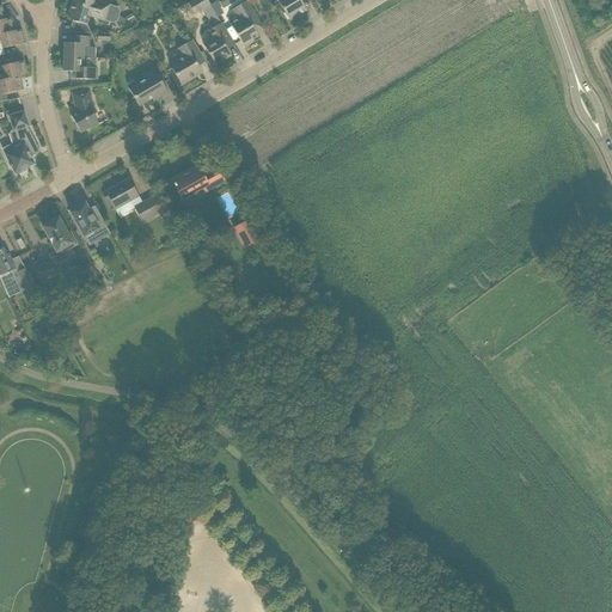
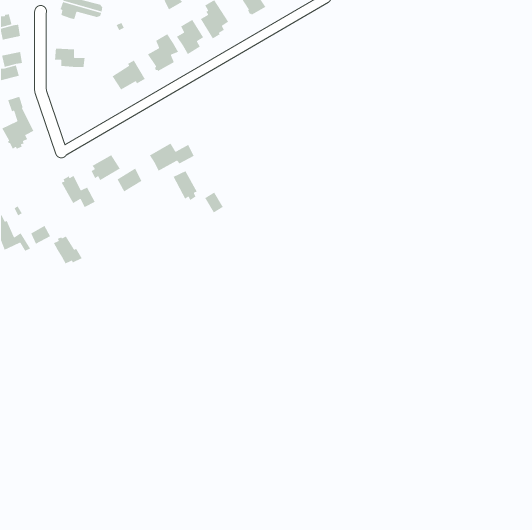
building: [63,33,94,56] -> none
building: [71,88,98,131] -> none
building: none -> [172,170,198,201]
building: [42,216,76,250] -> [53,235,83,265]

